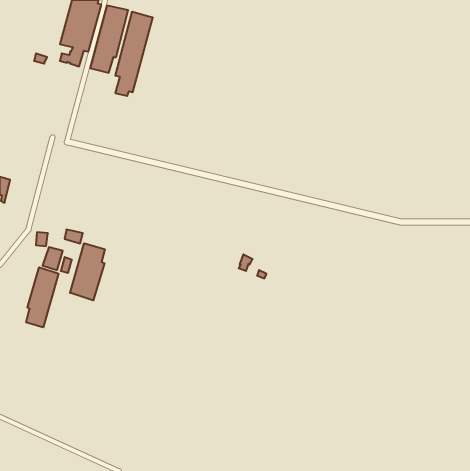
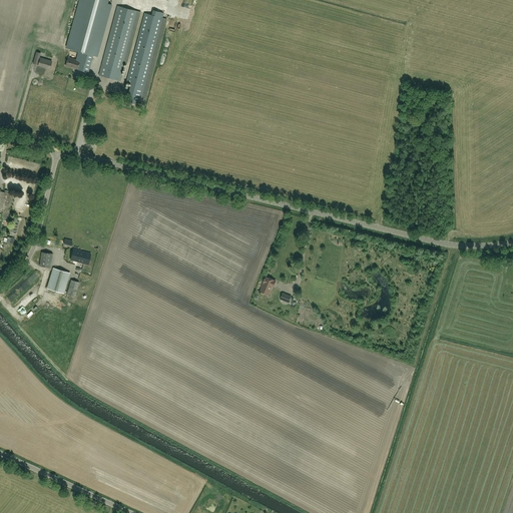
building: [70,243,105,300] -> none
building: [26,267,59,327] -> none

